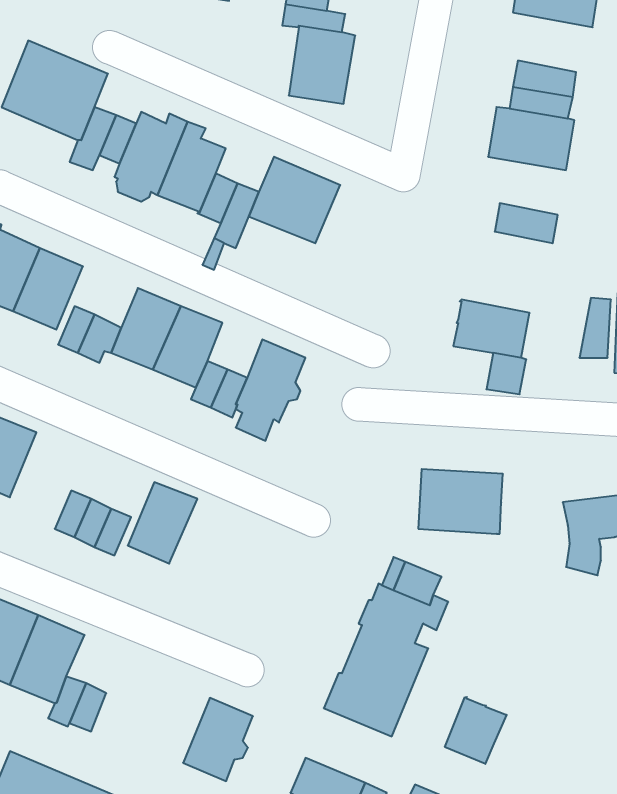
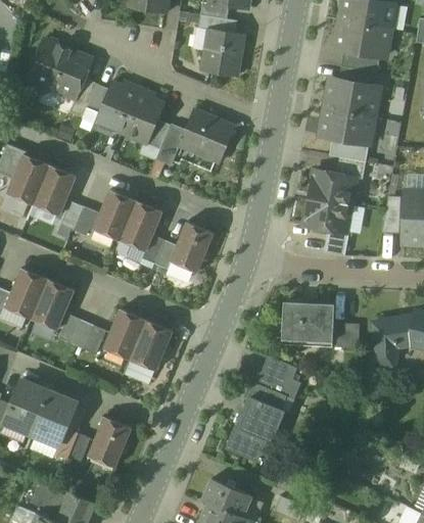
building: none -> [335,20,389,58]
building: none -> [320,109,373,145]
building: none -> [309,170,356,205]
building: none -> [31,279,74,330]
building: none -> [129,320,172,371]
building: none -> [329,322,358,348]
building: [445,697,507,764] -> none
building: [183,698,253,781] -> [88,417,131,468]

